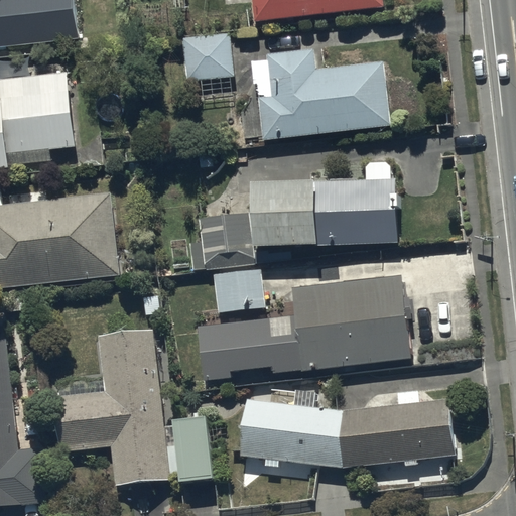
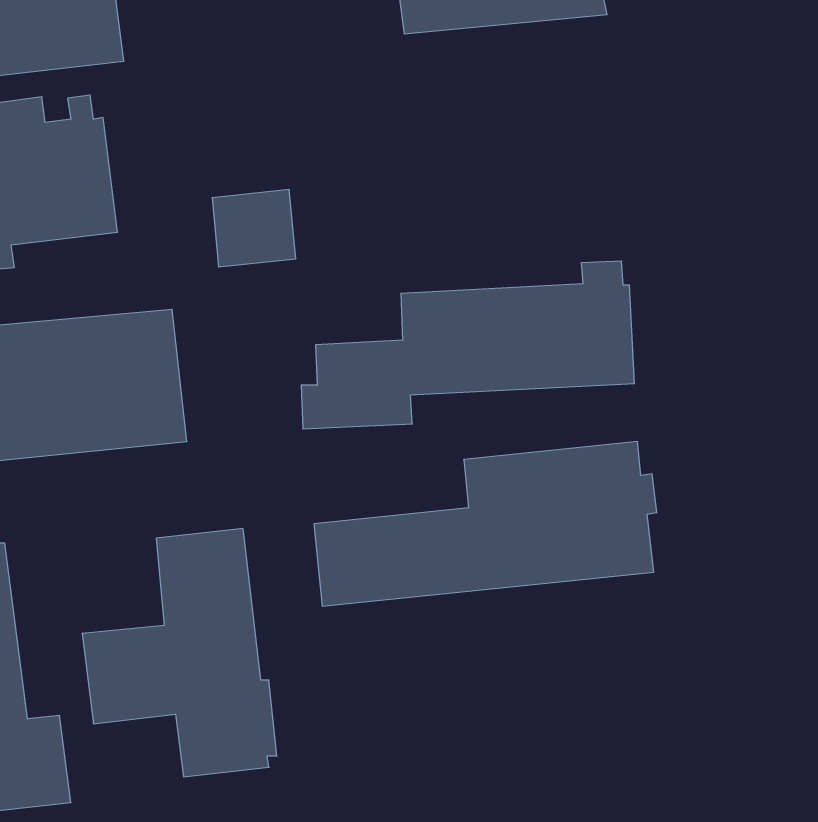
building: [180,33,233,82] -> [212,190,296,267]
building: [256,48,389,141] -> none
building: [212,268,262,313] -> none
building: [239,391,454,469] -> none
building: [171,416,213,482] -> none

